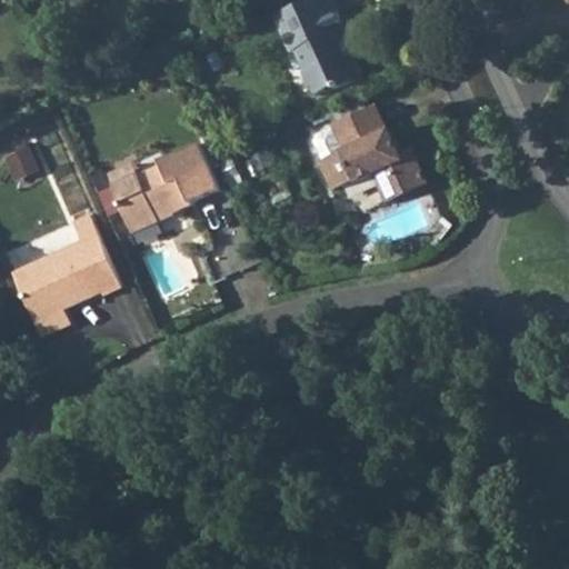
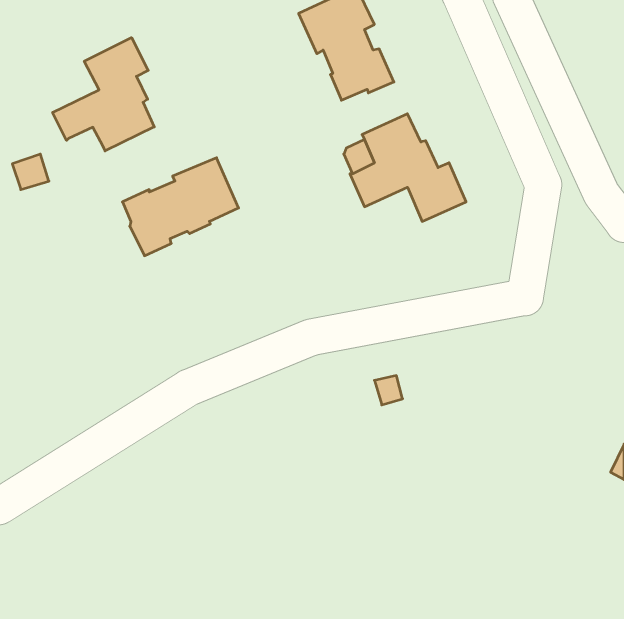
building: none -> [53,38,154,151]
building: [12,217,121,337] -> none

